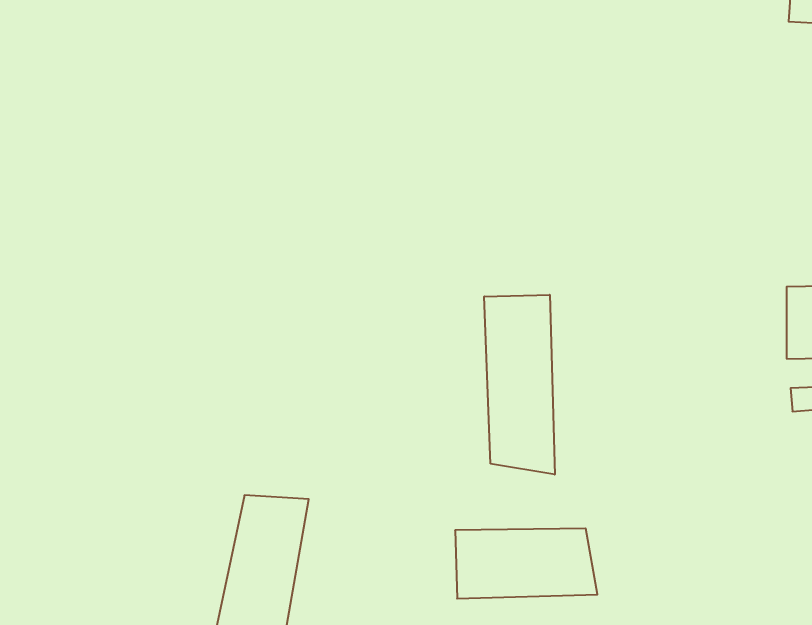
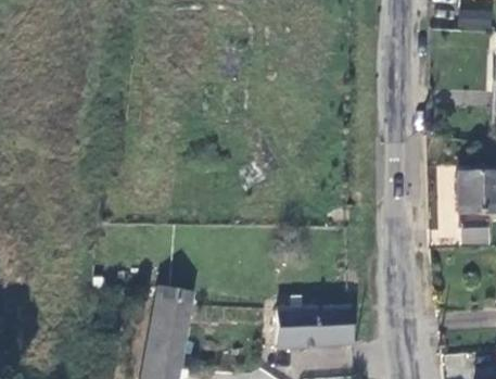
building: [484,295,555,475] -> none

